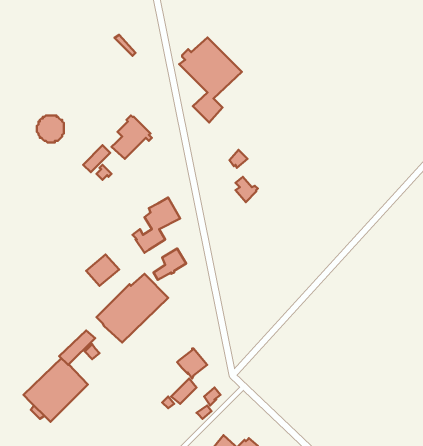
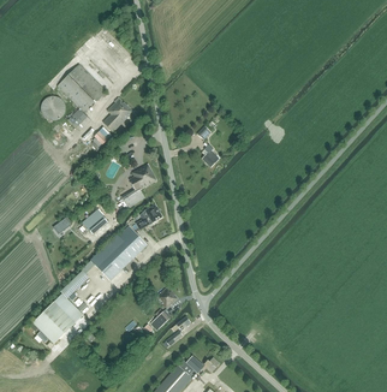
building: [179,37,242,123] -> [56,64,107,132]

